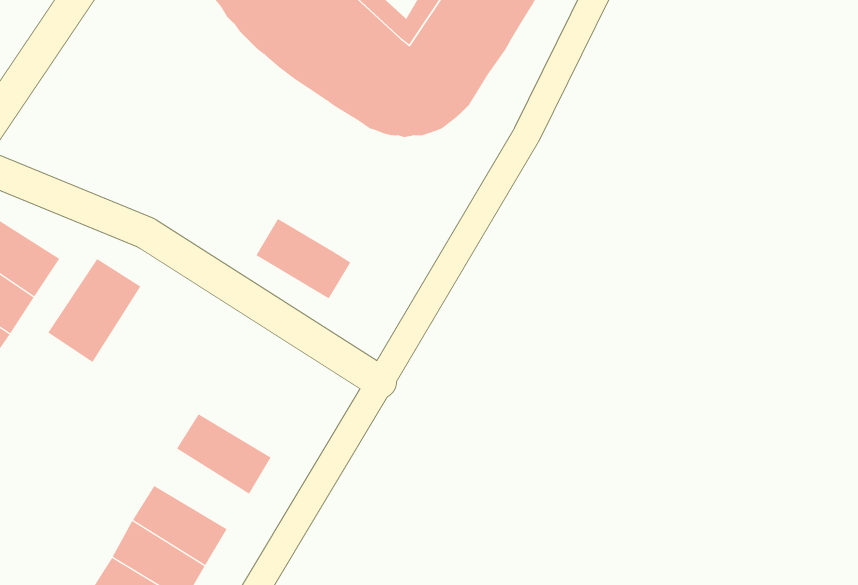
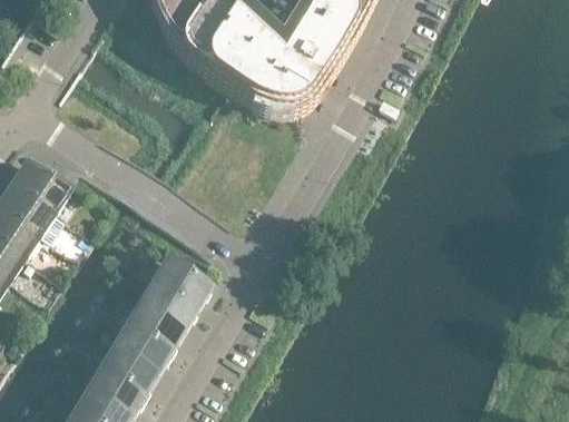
building: [256,218,351,299] -> [155,253,213,302]
building: [48,258,141,363] -> none
building: none -> [128,296,186,345]

